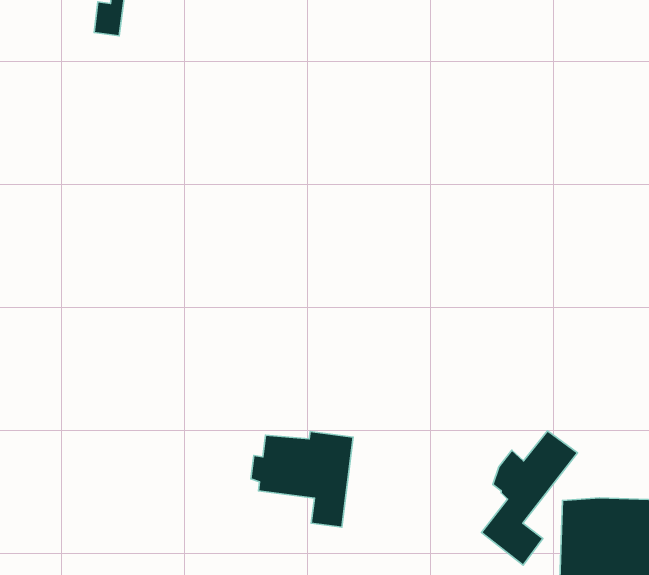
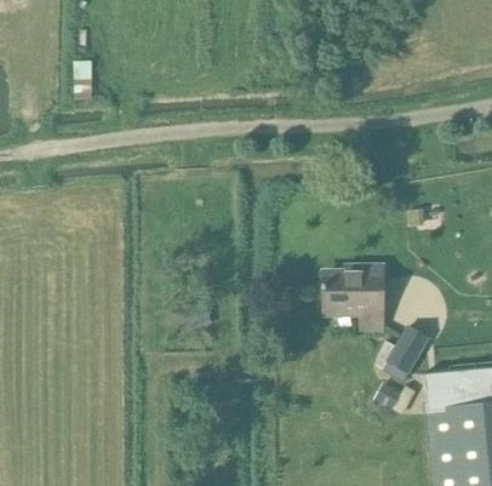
building: [251,432,353,527] -> [319,271,383,332]

